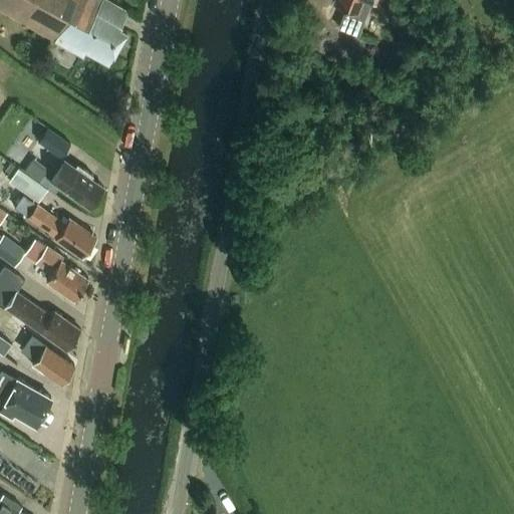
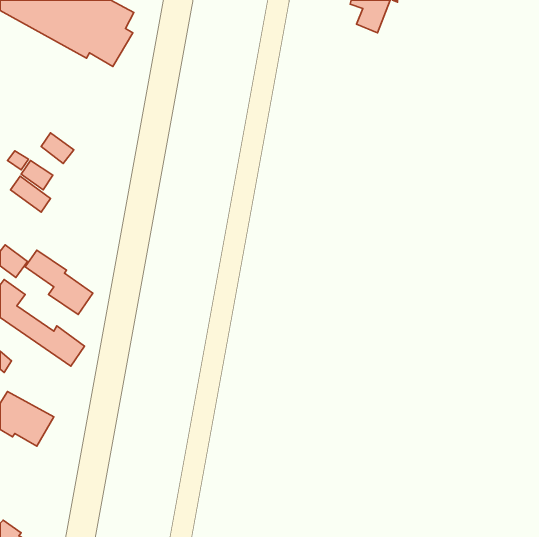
building: [50,167,103,209] -> none
building: [27,205,95,258] -> none
building: [23,337,74,384] -> none

